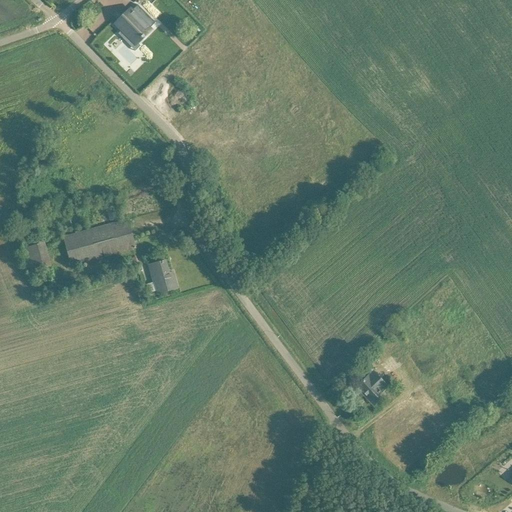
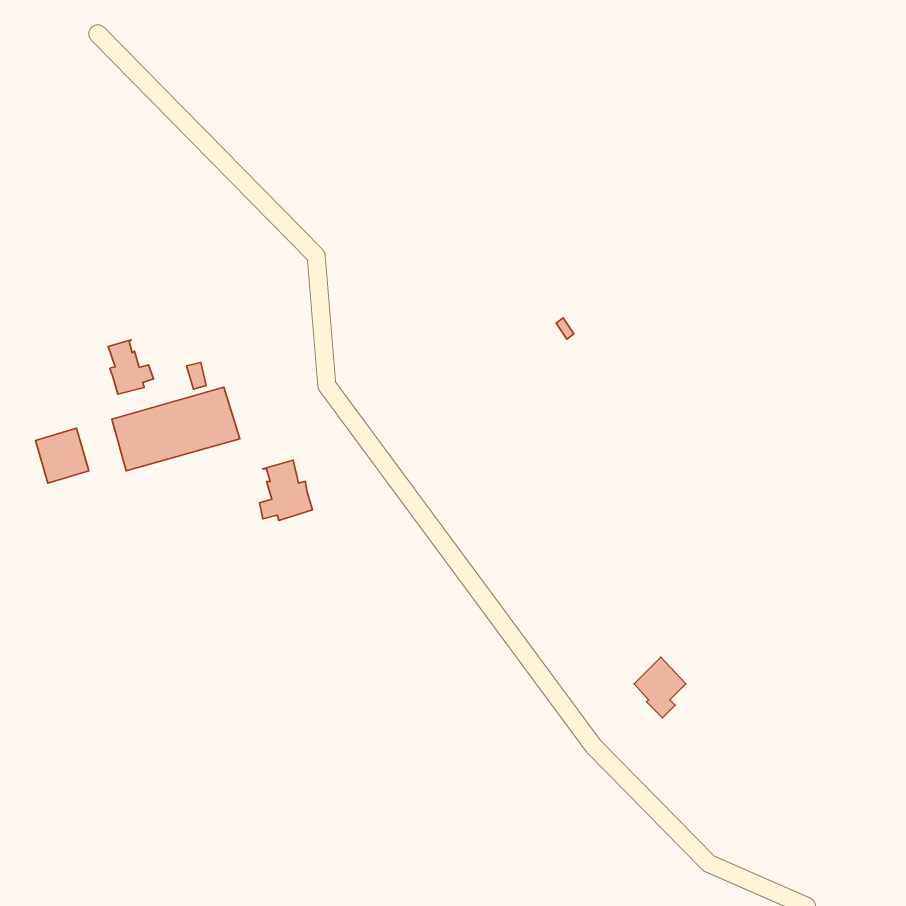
building: [115,9,153,41] -> none
building: none -> [108,340,153,394]

